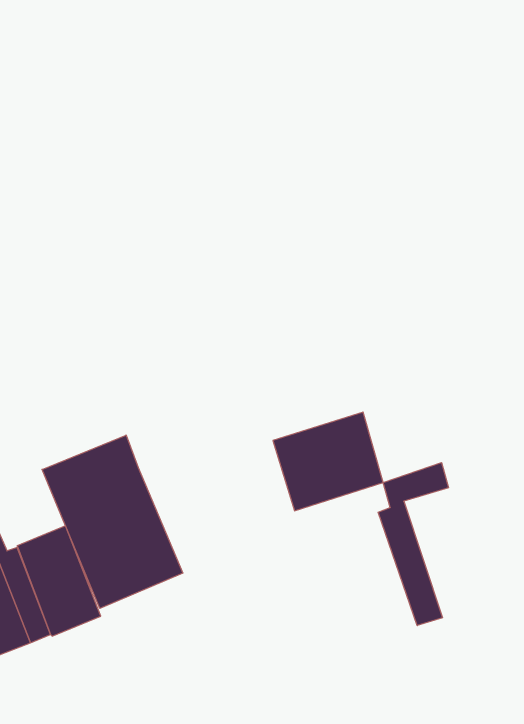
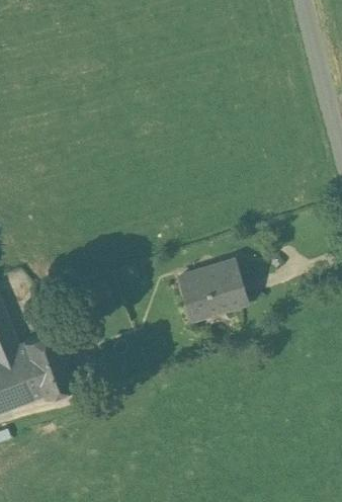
building: [42,435,183,608] -> none
building: [378,463,448,626] -> none

